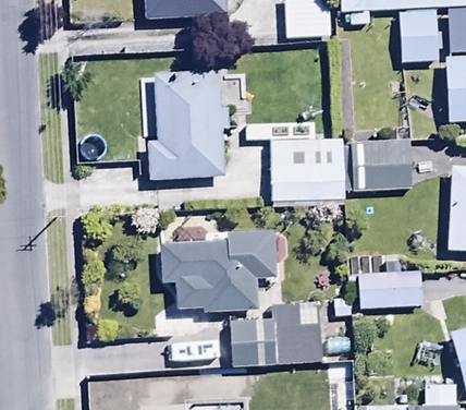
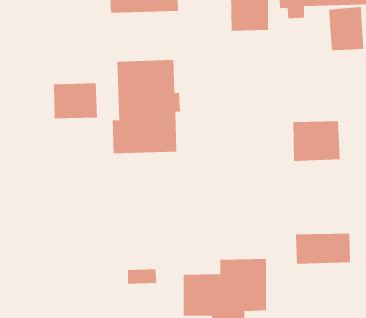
building: none -> [54,83,97,119]
building: [270,136,344,204] -> none
building: [161,230,277,310] -> none

